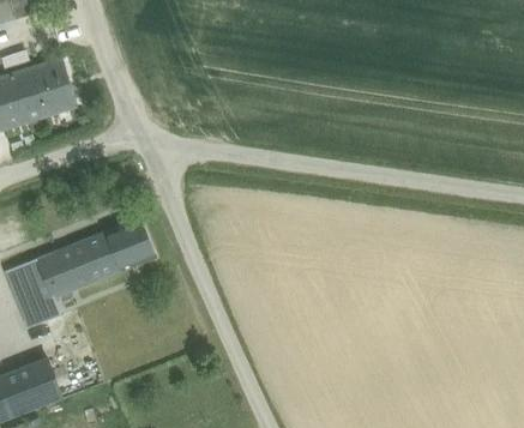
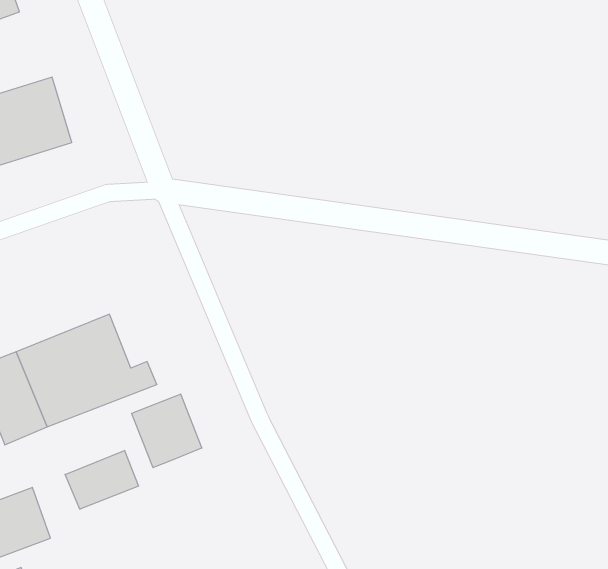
building: [104,217,156,271] -> [132,394,202,468]
building: none -> [65,450,138,509]

